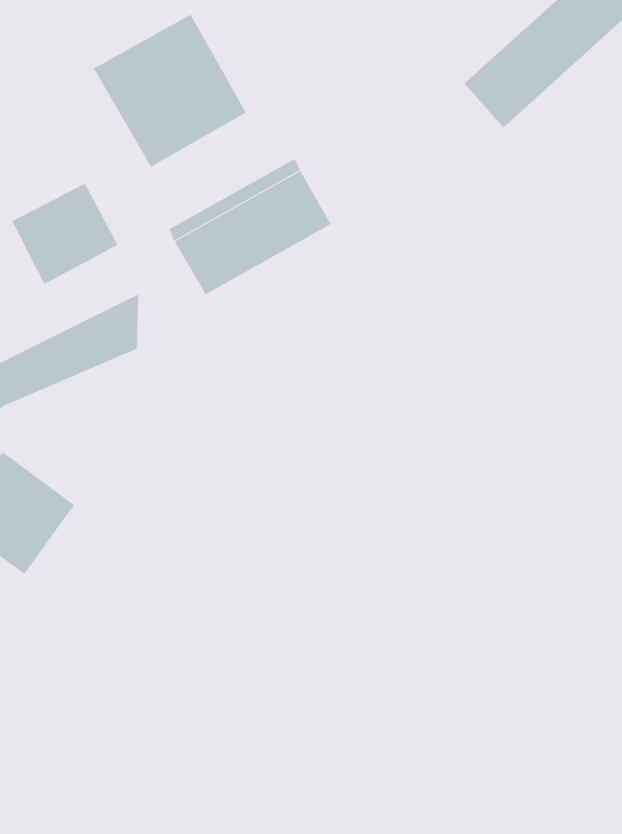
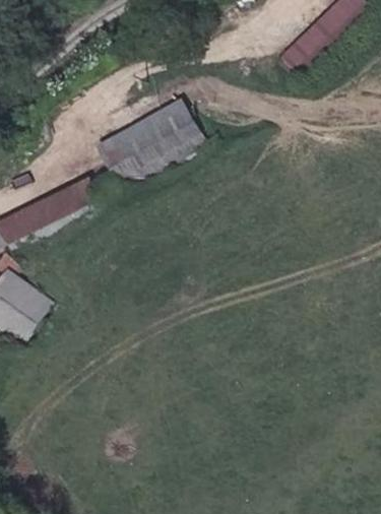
building: [93,14,246,167] -> none
building: [12,183,118,285] -> none

